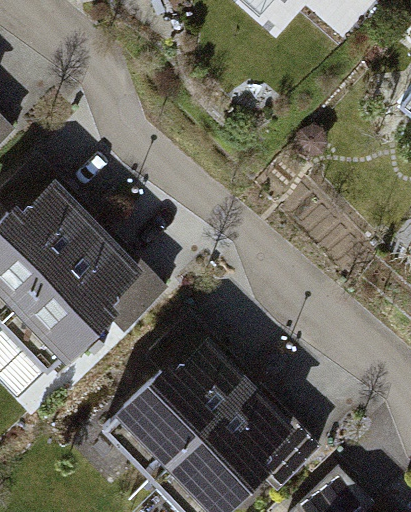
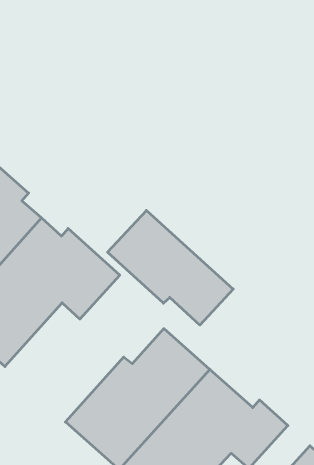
building: none -> [108,210,233,325]

